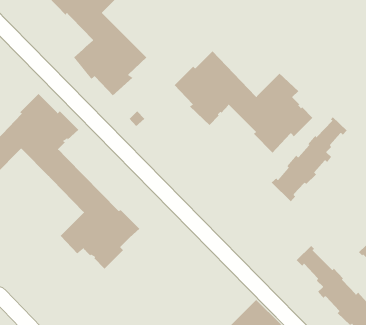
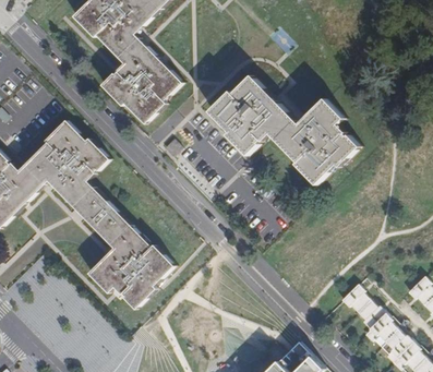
building: [271,116,348,202] -> none

